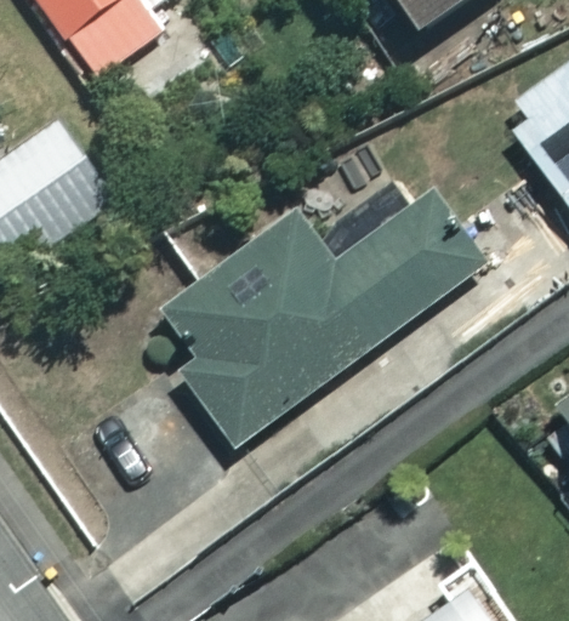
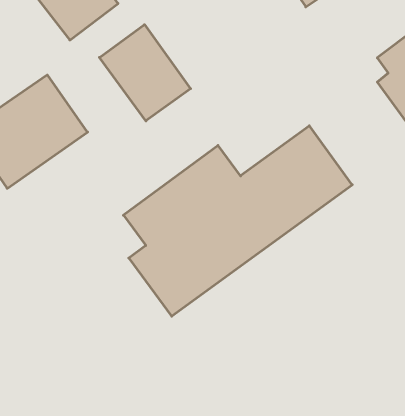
building: none -> [99,25,191,121]

